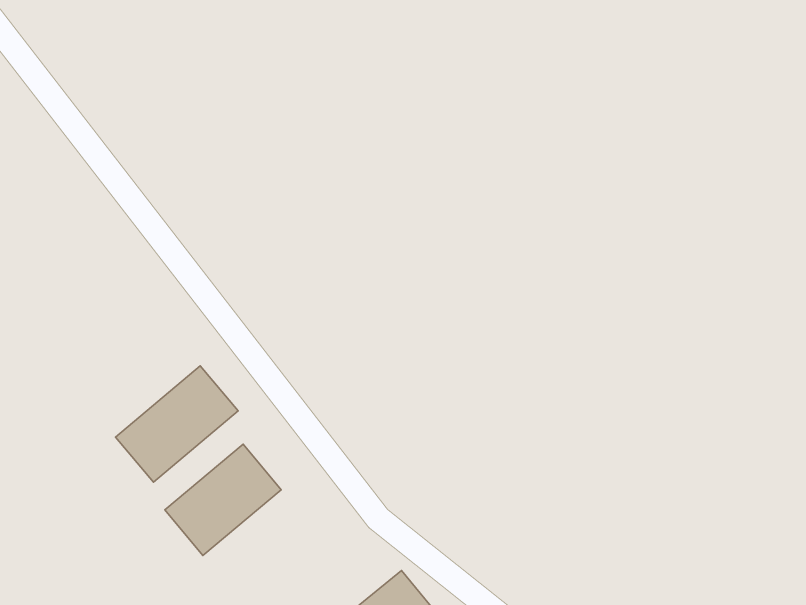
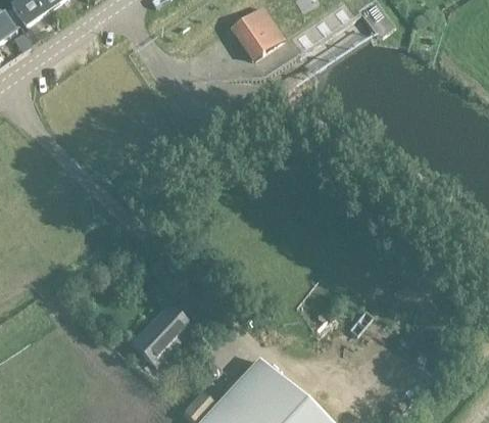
building: [115,366,238,482] -> none

